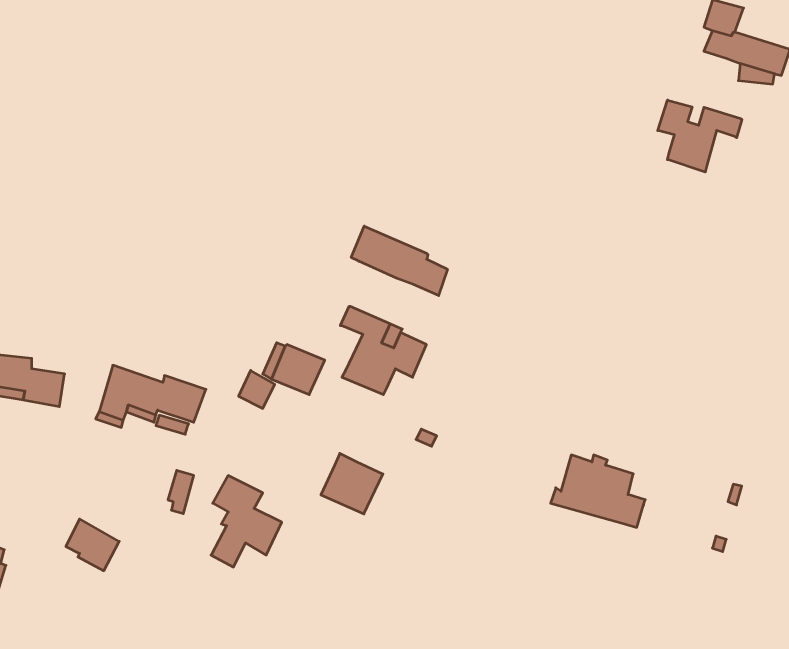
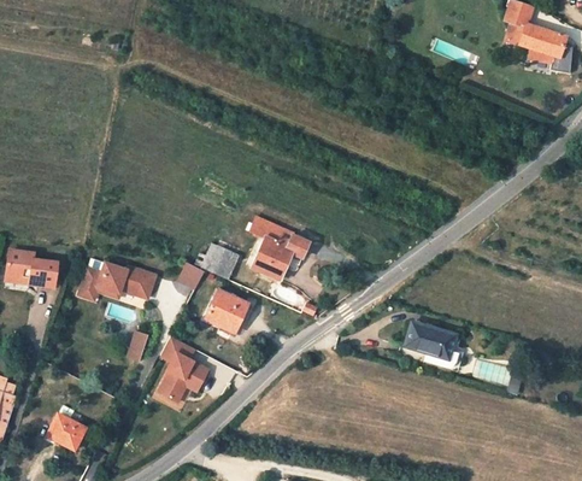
building: [658,100,742,172] -> none
building: [351,226,447,296] -> none
building: [321,453,383,514] -> [205,289,248,332]
building: [66,519,119,571] -> [48,413,86,450]

